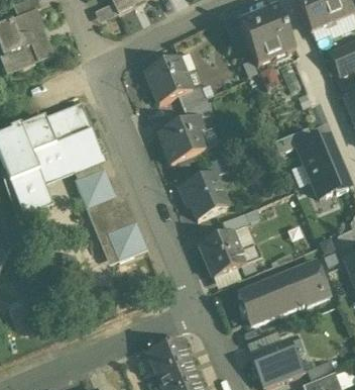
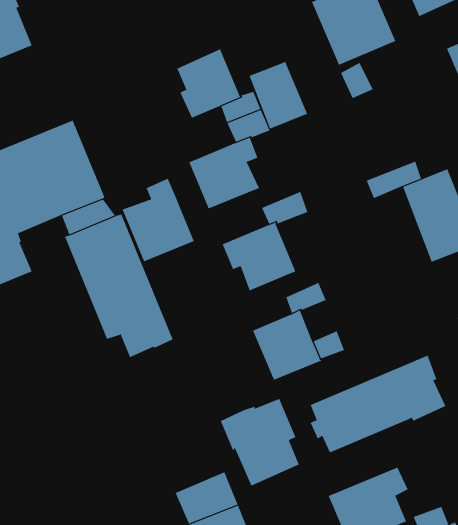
building: none -> [249,61,308,129]
building: none -> [122,177,194,262]
building: none -> [221,398,300,486]

